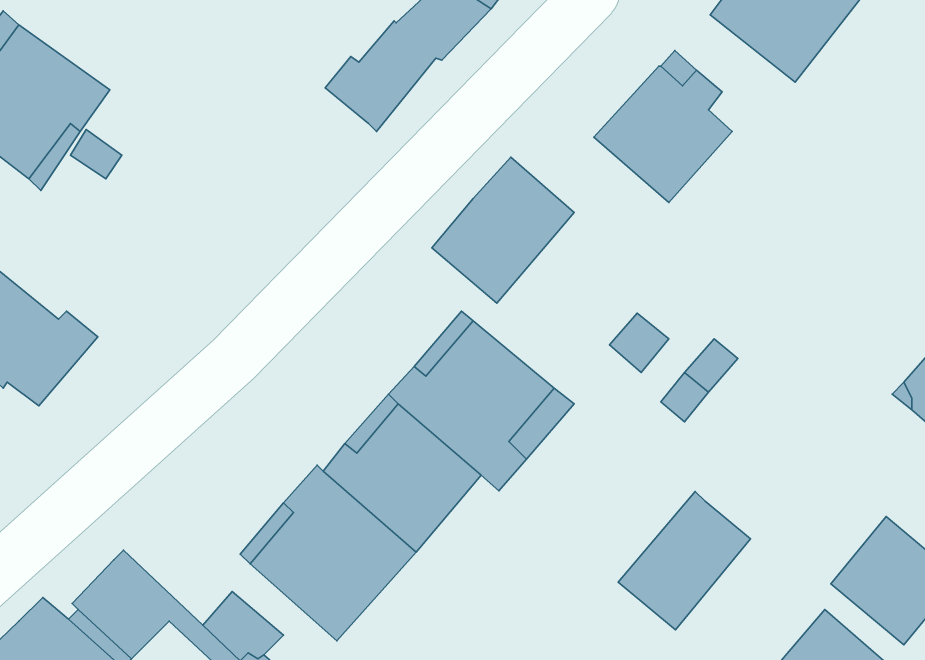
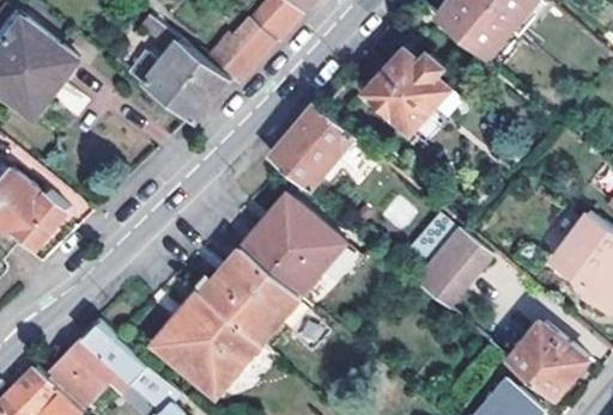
building: none -> [127,17,230,126]
building: [618,491,751,630] -> [413,225,493,309]
building: none -> [81,323,147,386]

